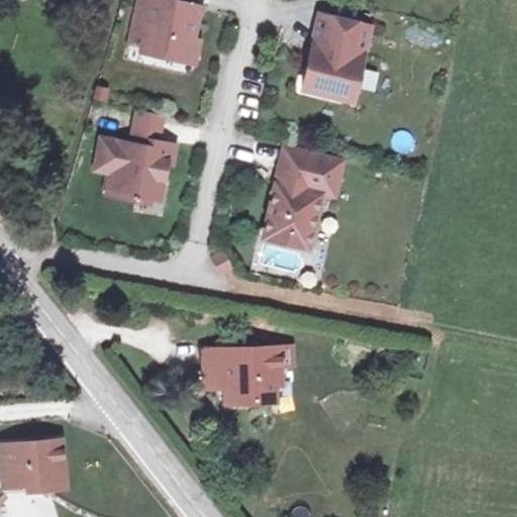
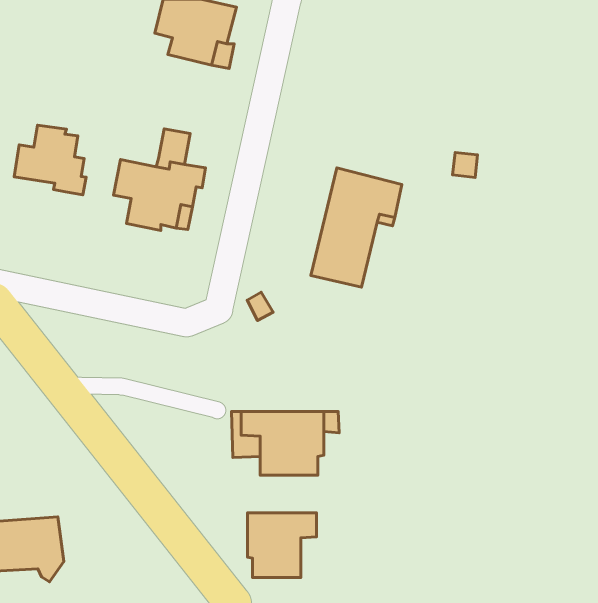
building: [305,13,372,98] -> none
building: none -> [14,125,86,195]
building: none -> [248,513,317,578]

